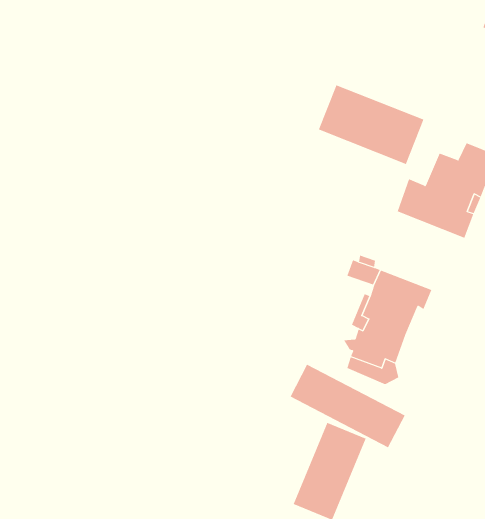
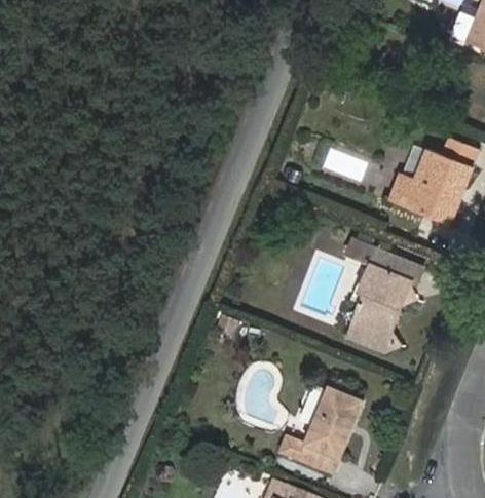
building: [318,84,424,165] -> none
building: [290,364,405,448] -> none

